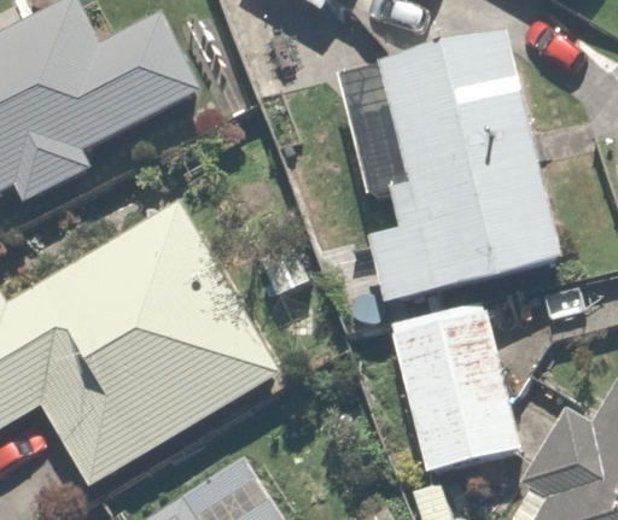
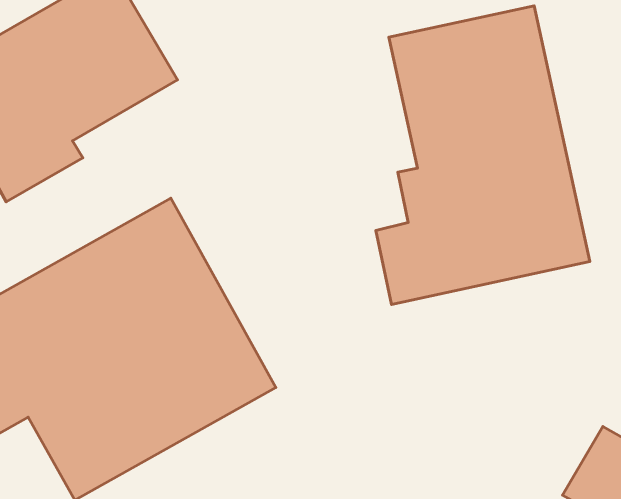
building: [381,298,524,478] -> none

